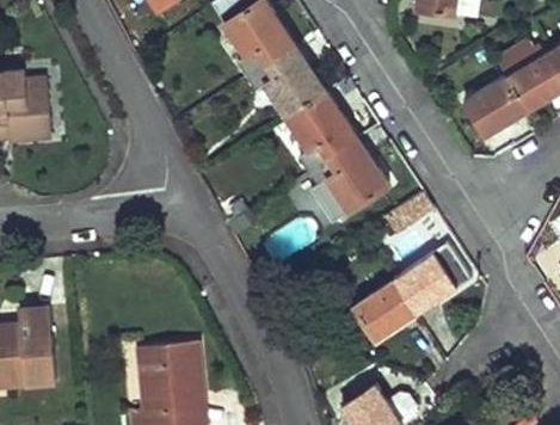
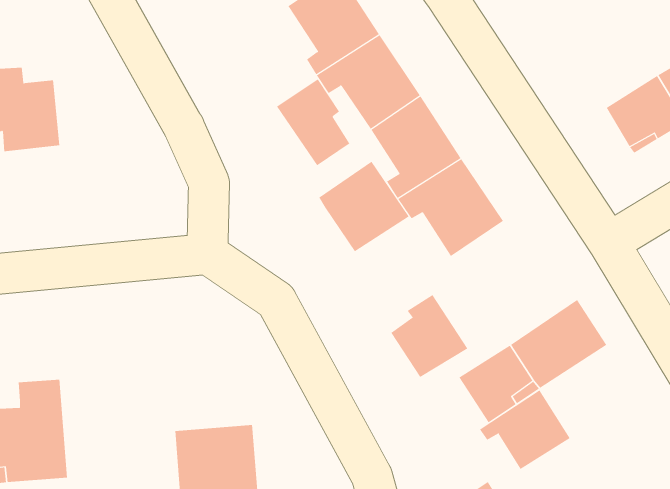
building: none -> [276,78,350,166]
building: none -> [318,161,409,252]
building: none -> [390,294,468,378]
building: none -> [479,389,571,470]

